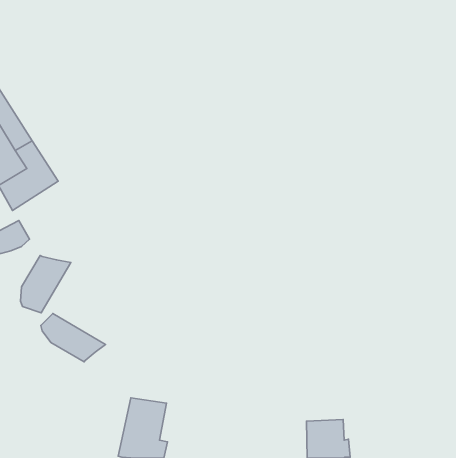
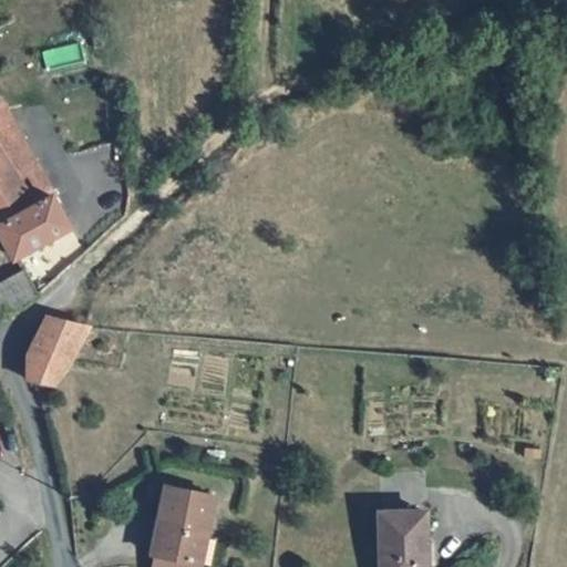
building: [41,314,106,362] -> none

